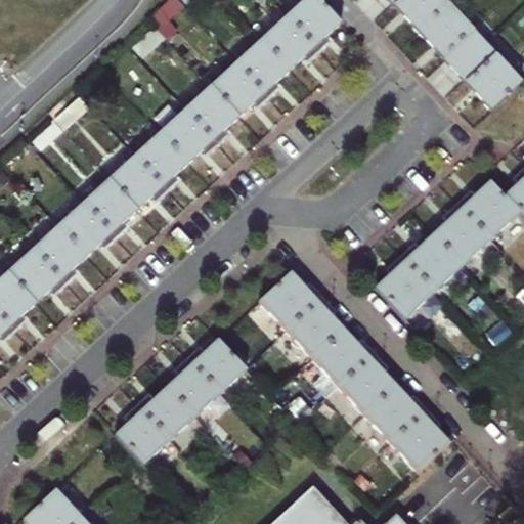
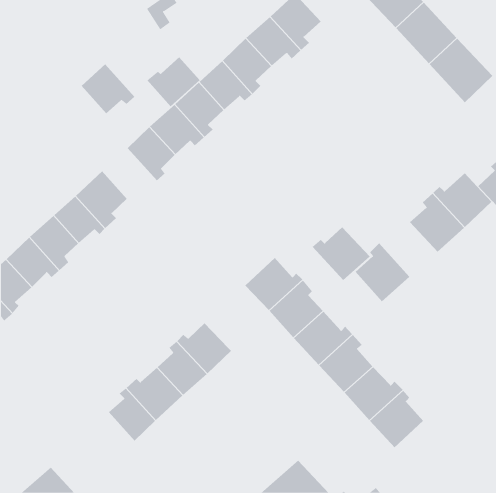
building: none -> [146,56,201,107]
building: [110,156,167,209] -> [81,64,135,114]
building: [400,233,462,291] -> [312,226,370,281]

